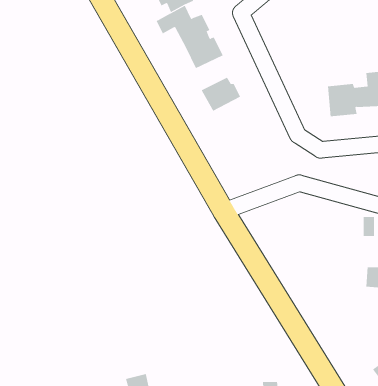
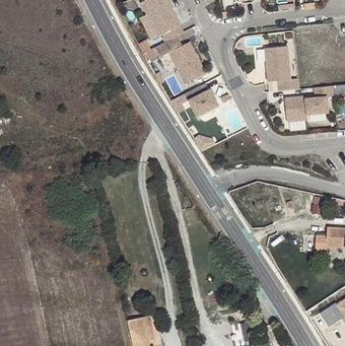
building: none -> [264,45,299,89]

